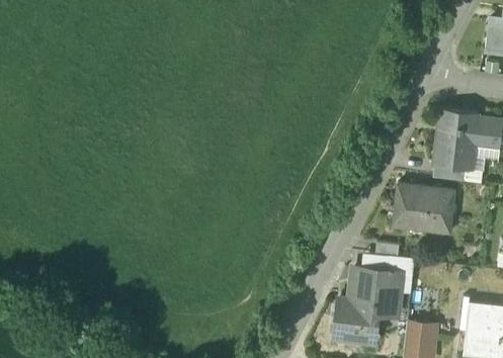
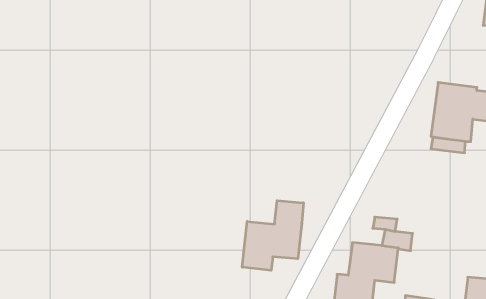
building: [394,185,454,232] -> none
building: none -> [242,201,304,270]

